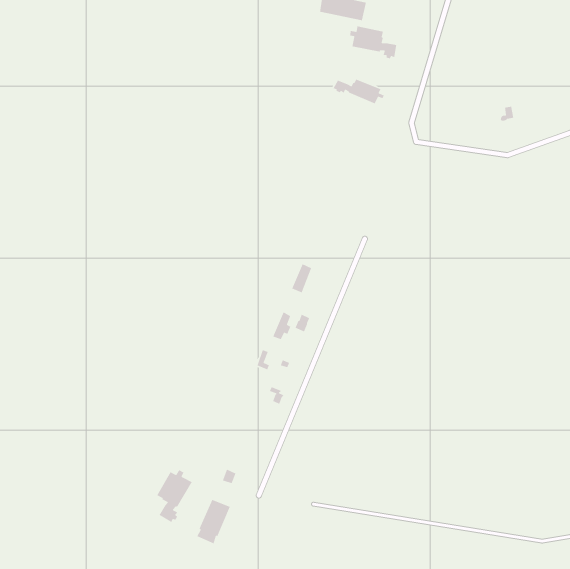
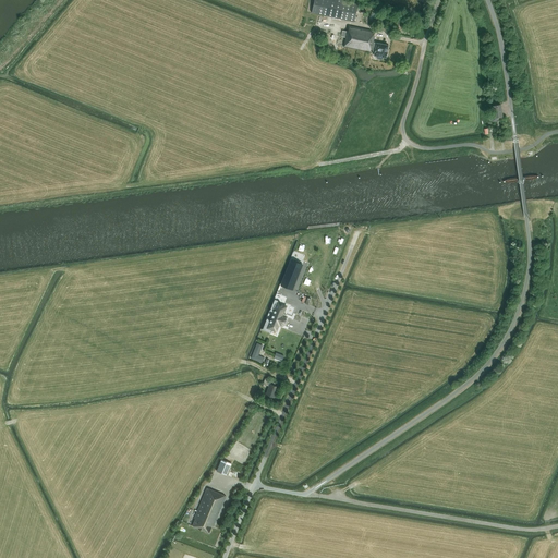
building: [332,78,385,105] -> none
building: [156,469,193,523] -> none

